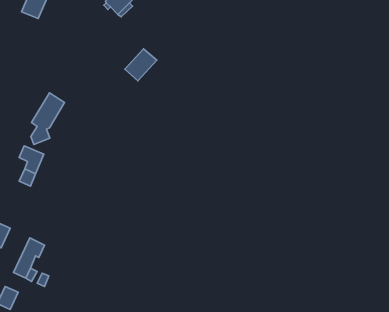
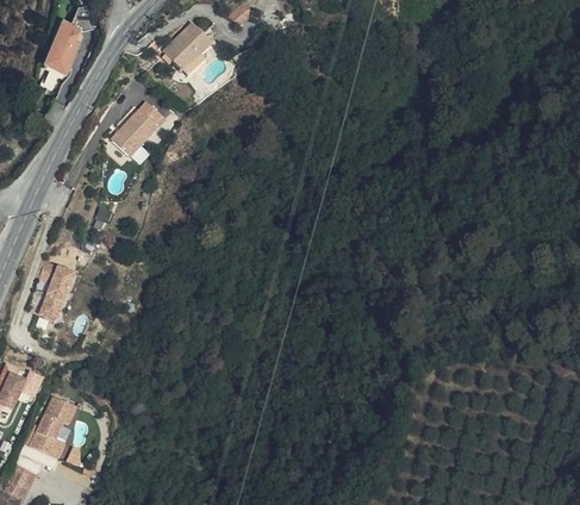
building: [125,49,157,81] -> [112,107,158,154]
building: [31,93,65,145] -> none

